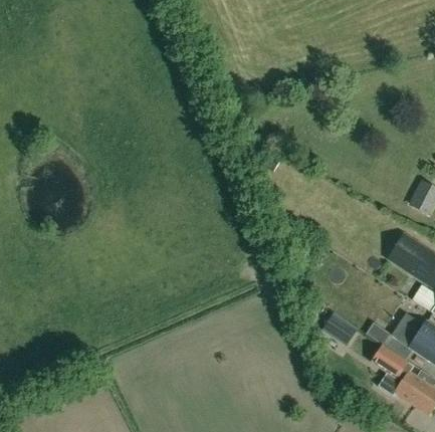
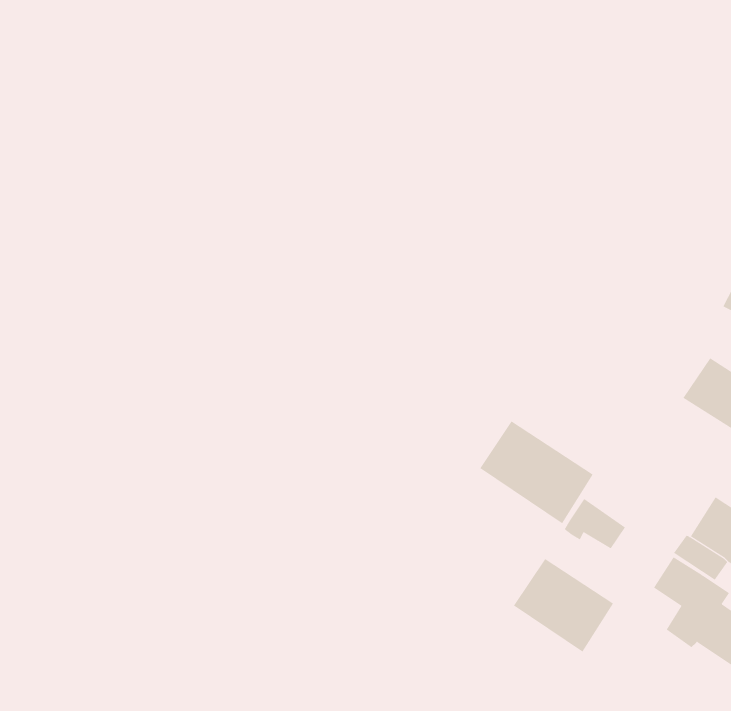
building: none -> [479,420,594,524]
building: none -> [513,558,614,653]

